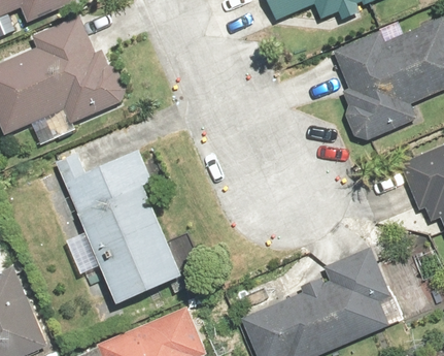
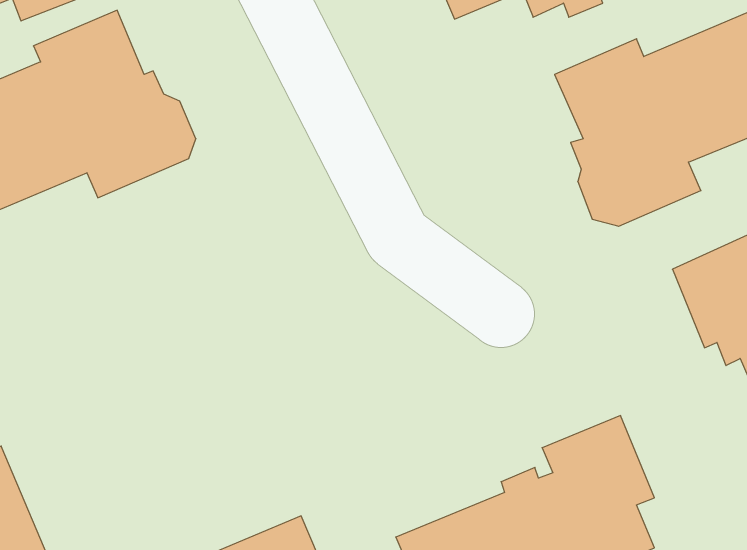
building: [64,150,181,302] -> none

